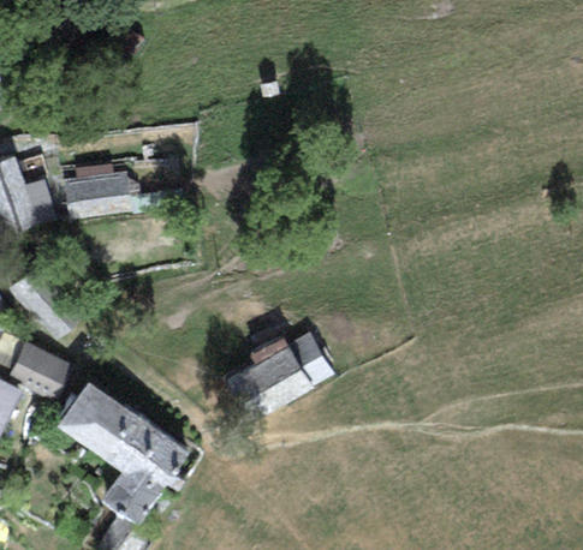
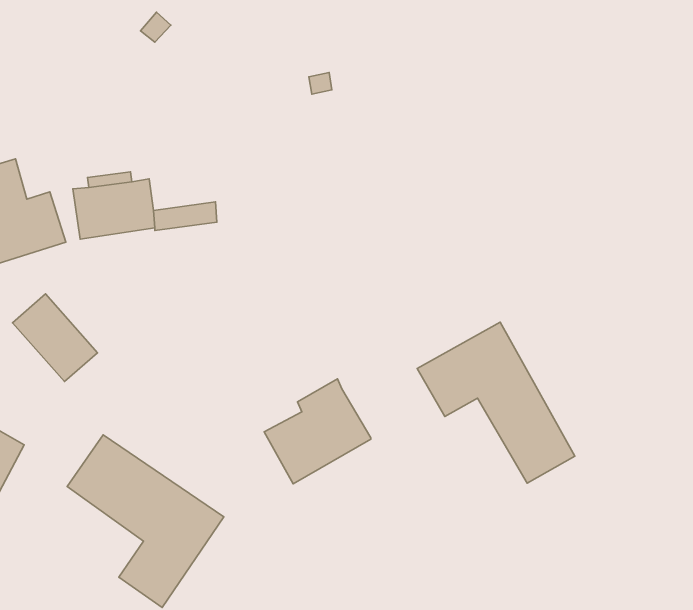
building: none -> [417,322,575,483]
building: [287,331,333,384] -> none
building: [8,340,73,399] -> none

